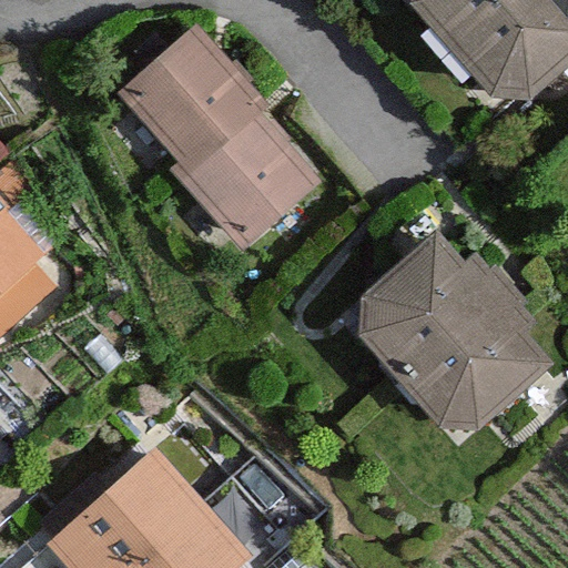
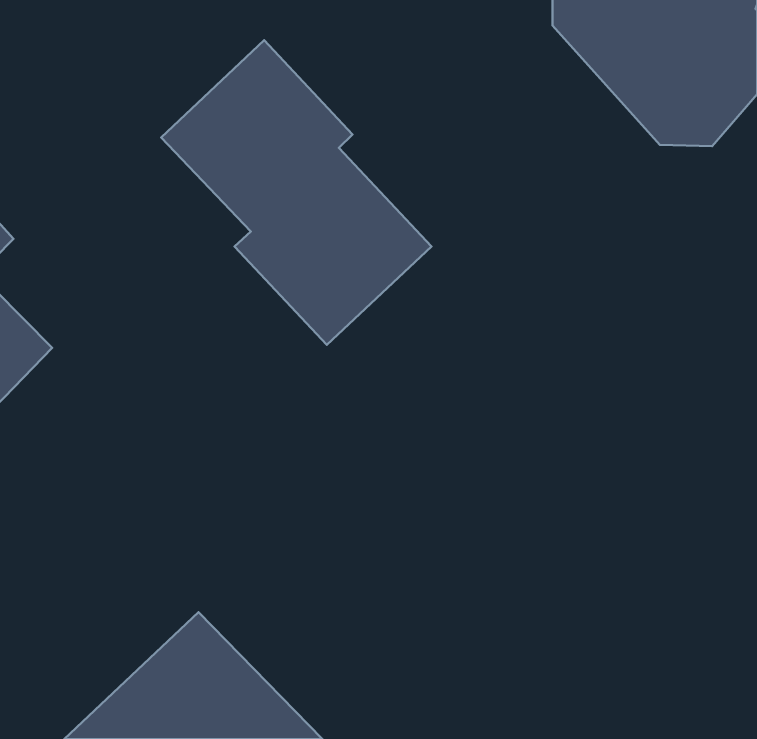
building: [368,240,552,440] -> none

